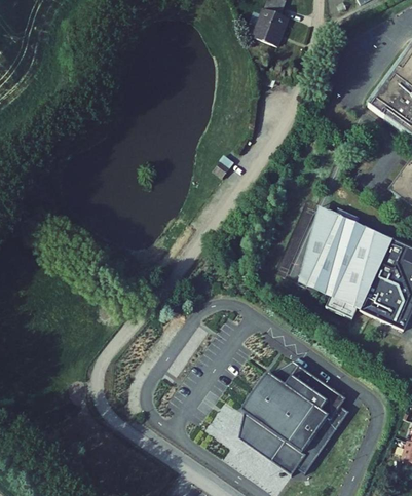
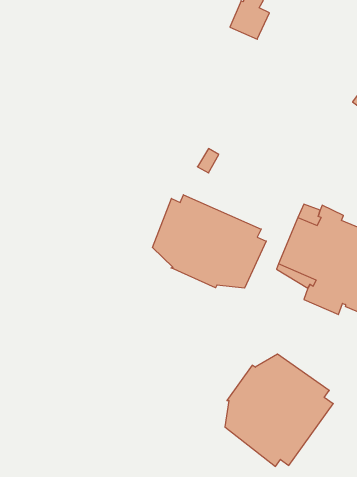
building: none -> [153,195,266,288]

